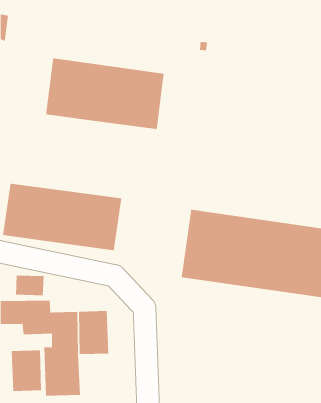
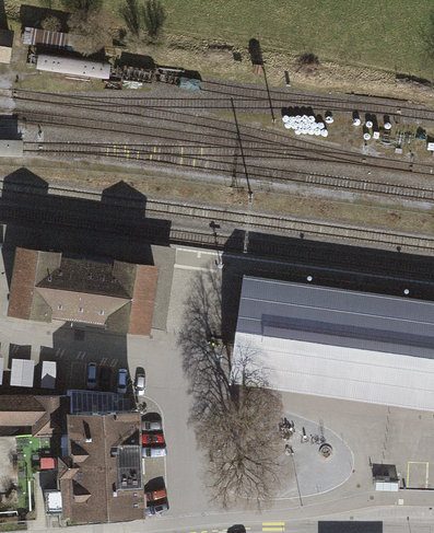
building: [46,57,164,130] -> none
building: [11,350,42,391] -> [102,464,141,517]

